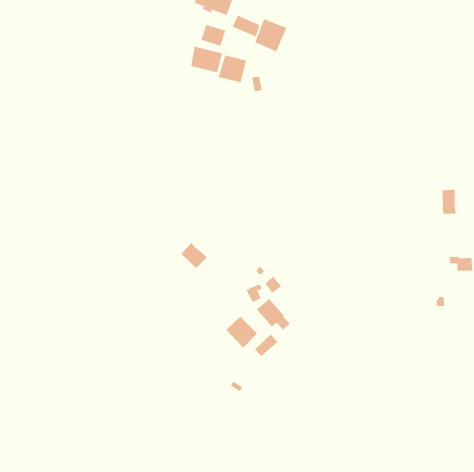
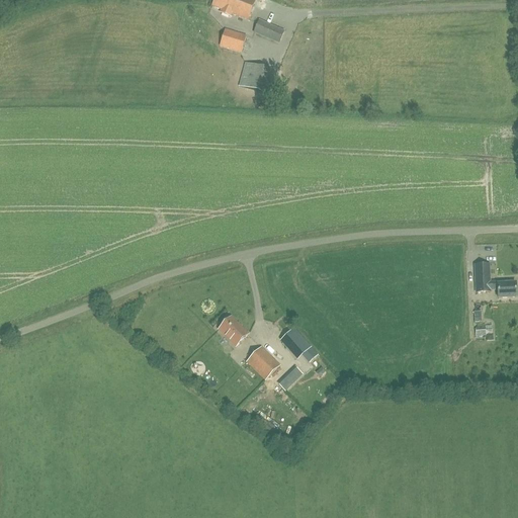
building: [254,19,287,52] -> none
building: [191,46,223,73] -> none
building: [441,189,456,214] -> [474,262,491,289]
building: [180,242,207,269] -> [219,315,248,344]

